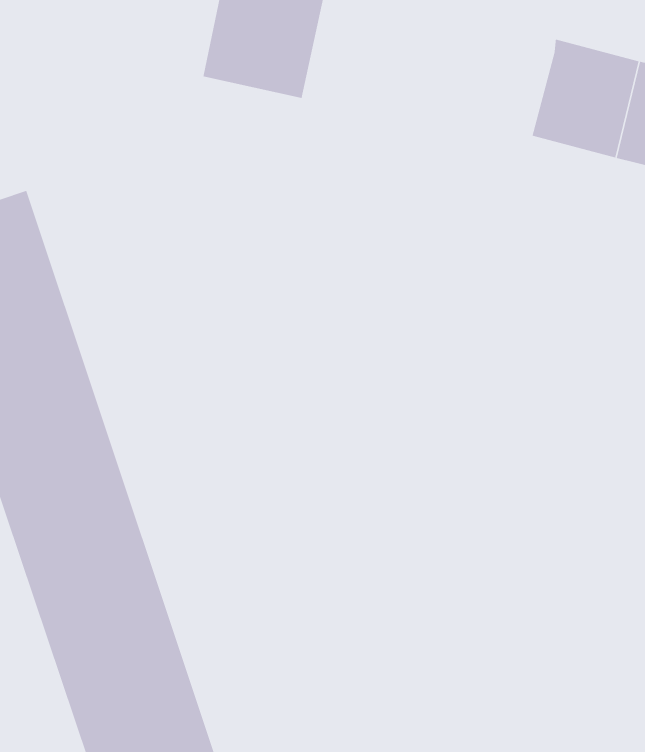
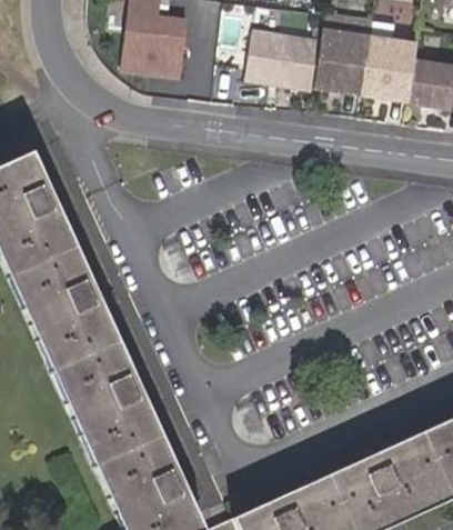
building: none -> [251,28,329,91]

